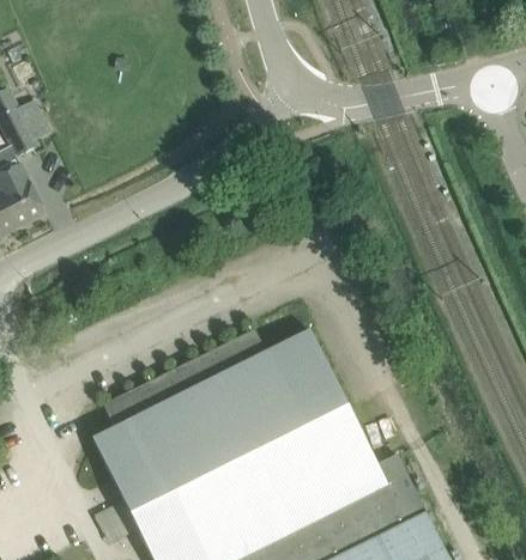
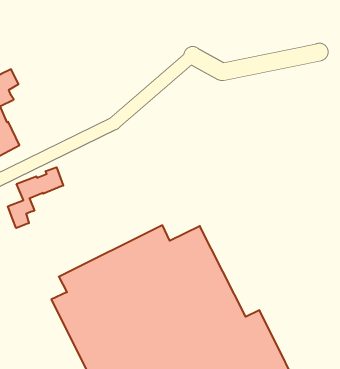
building: none -> [8,167,63,228]

